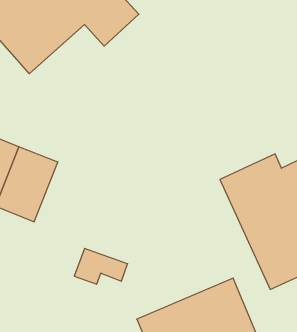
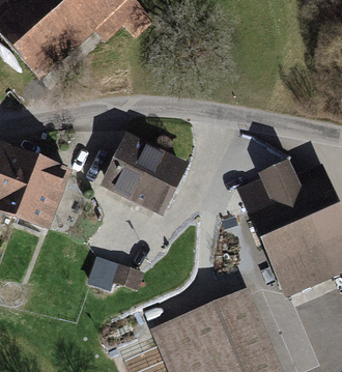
building: none -> [102,132,189,214]

